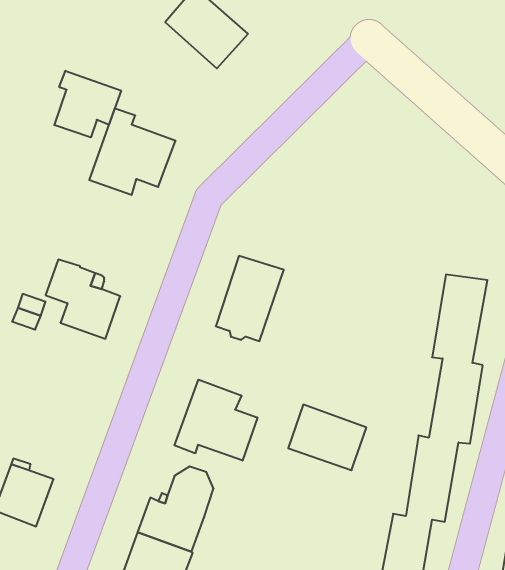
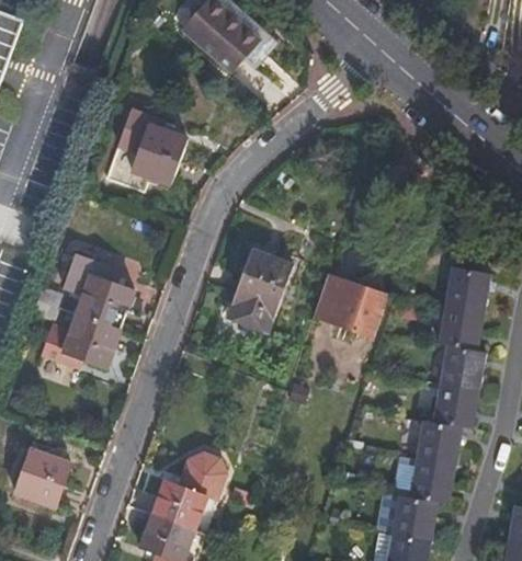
building: [54,71,121,137] -> none
building: none -> [44,313,123,368]
building: [174,380,257,461] -> none
building: [288,405,366,470] -> [314,273,388,335]

